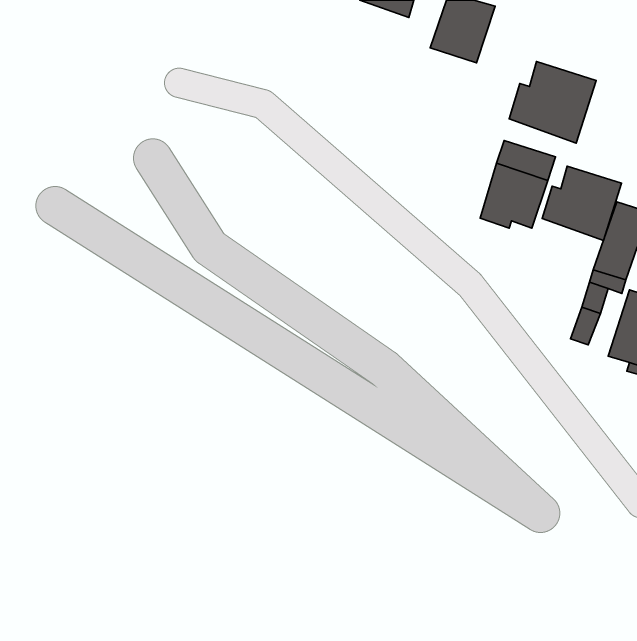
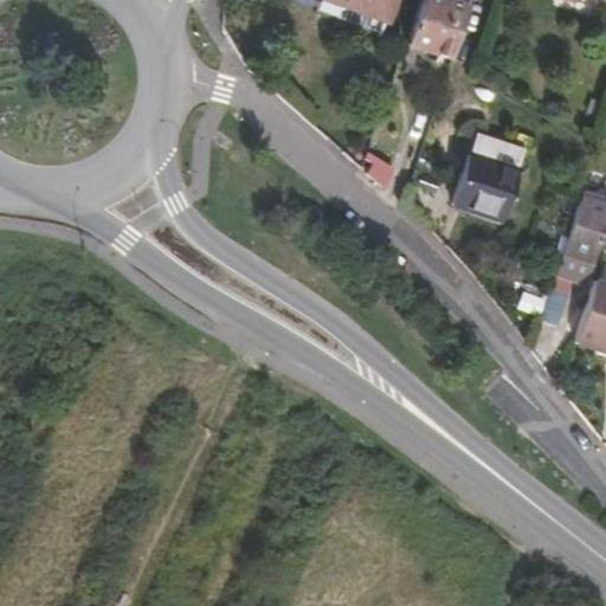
building: [509,62,596,143] -> none
building: [542,166,622,241] -> none

